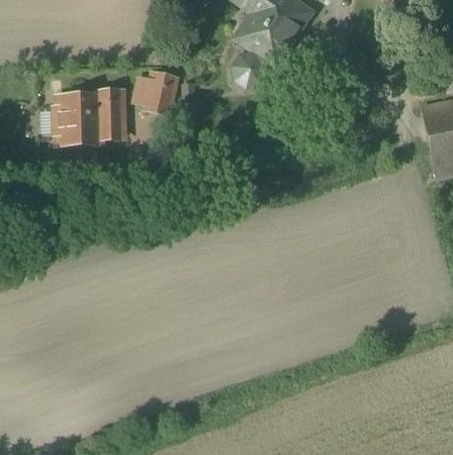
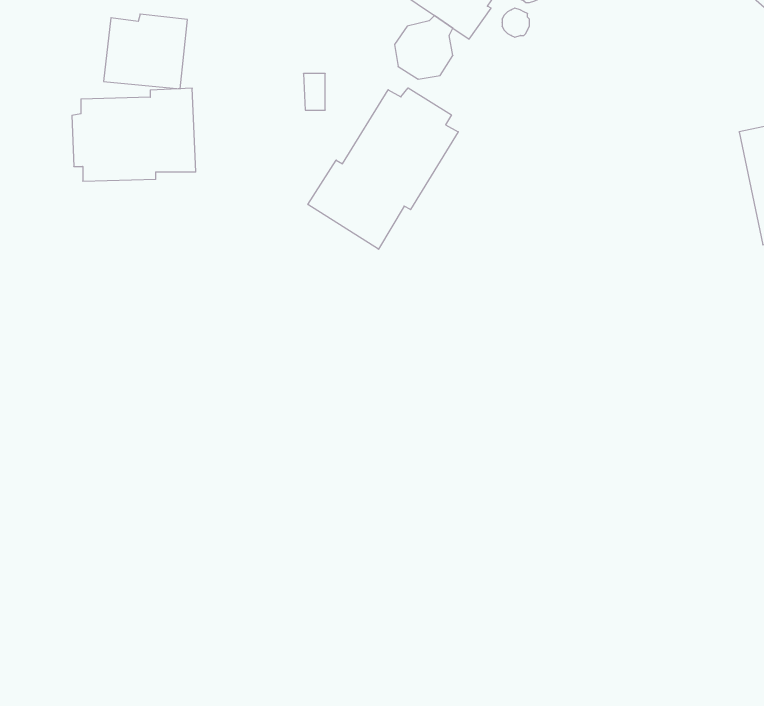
building: [130,70,177,111] -> [104,14,187,89]
building: none -> [308,88,458,249]

